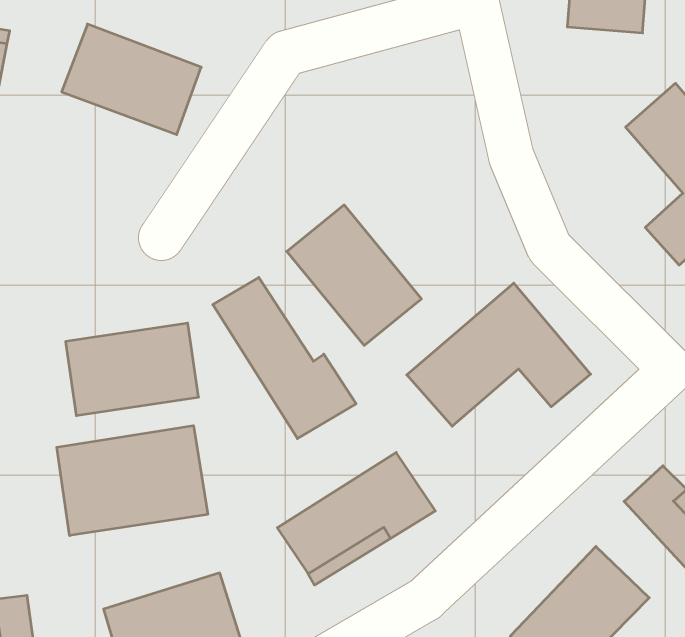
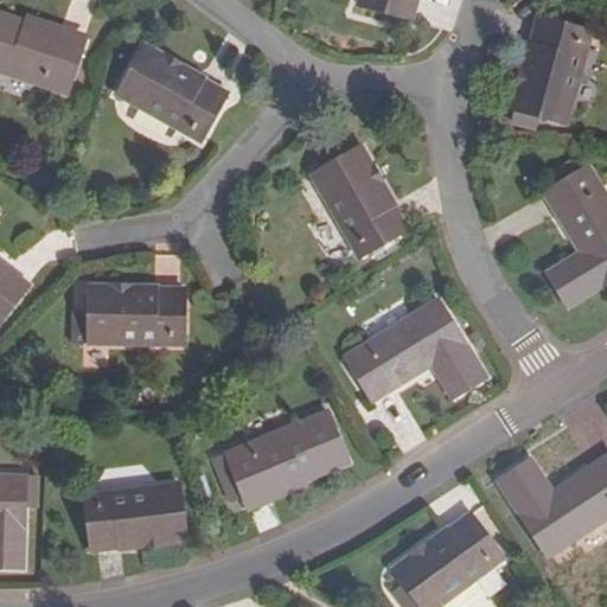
building: [287,205,421,345] -> [311,146,408,256]
building: [213,277,356,439] -> none
building: [57,426,208,536] -> none

